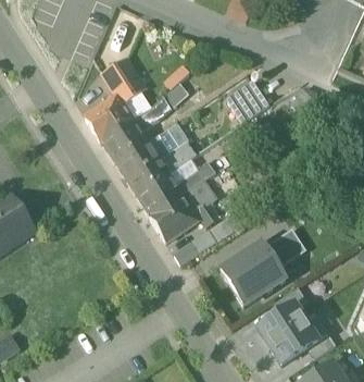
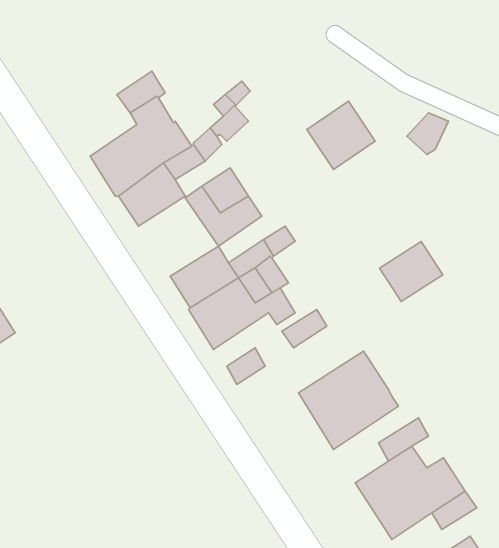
building: [115,141,168,194] -> none
building: [265,229,306,268] -> [380,241,443,301]

